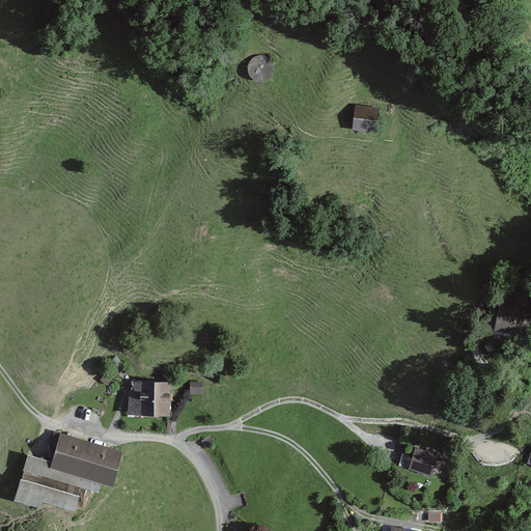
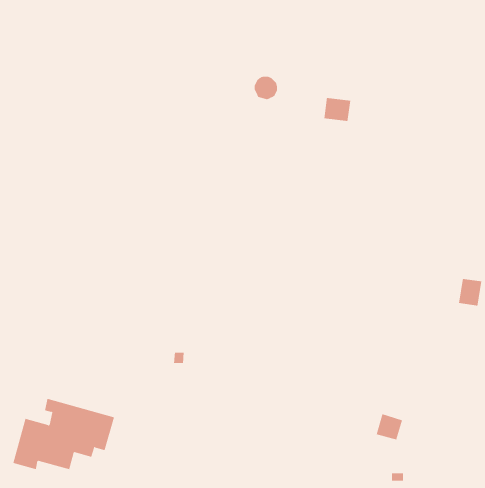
building: [245,57,271,83] -> [254,76,278,100]
building: [127,380,171,413] -> none

